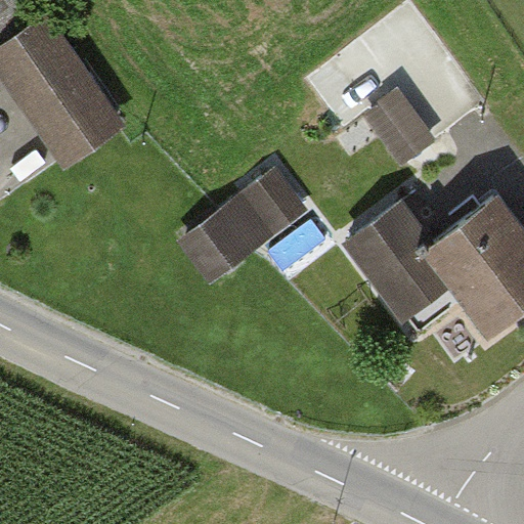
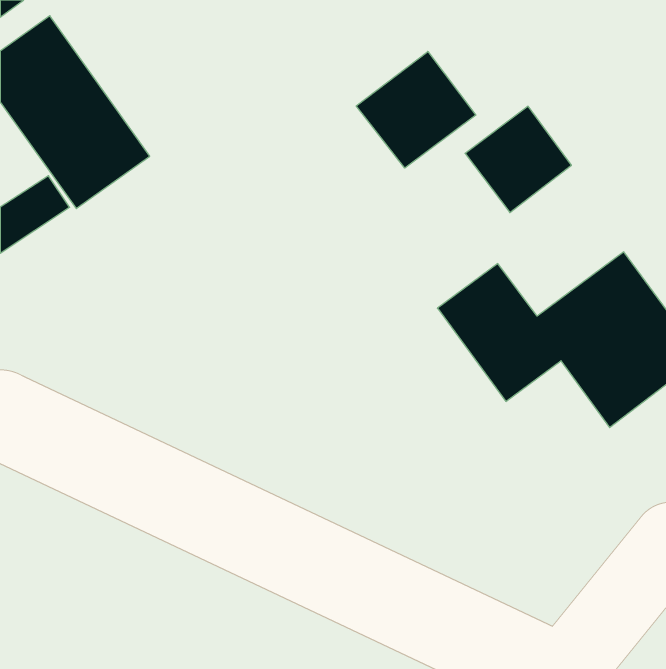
building: none -> [356,51,476,168]
building: [179,170,308,283] -> none

